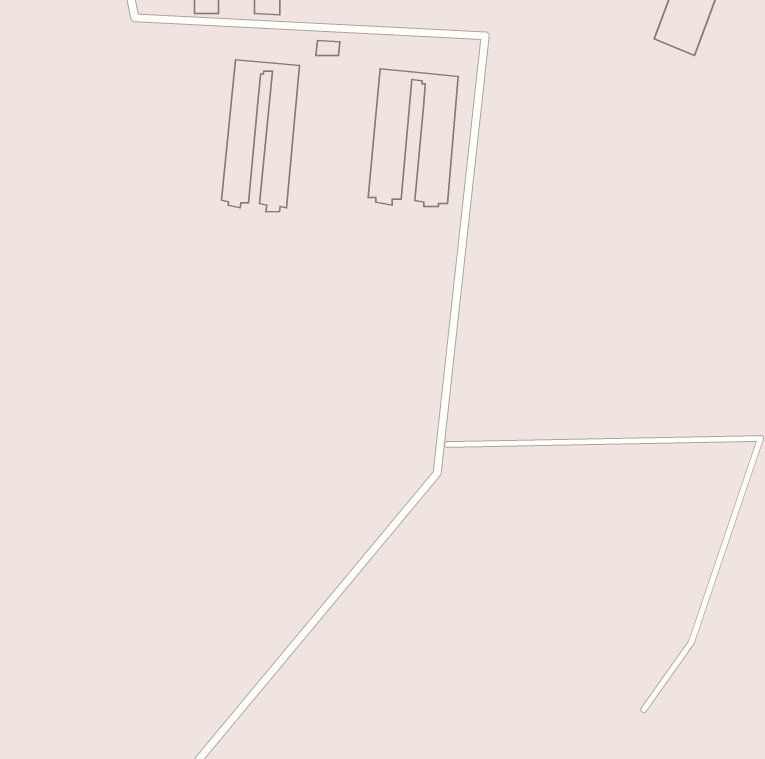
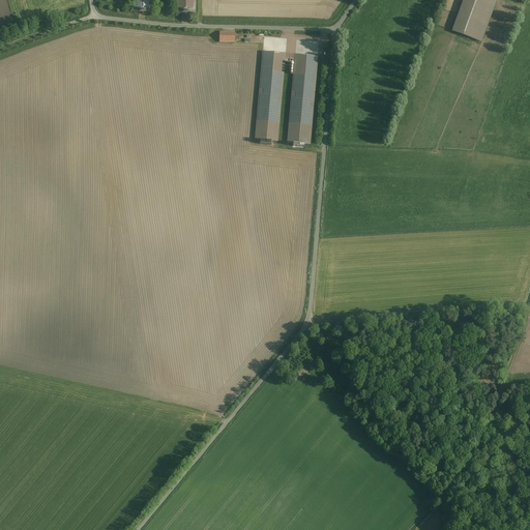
building: [221,60,300,212] -> none

